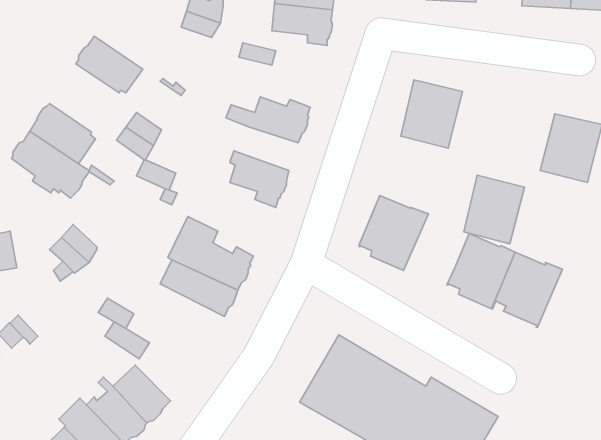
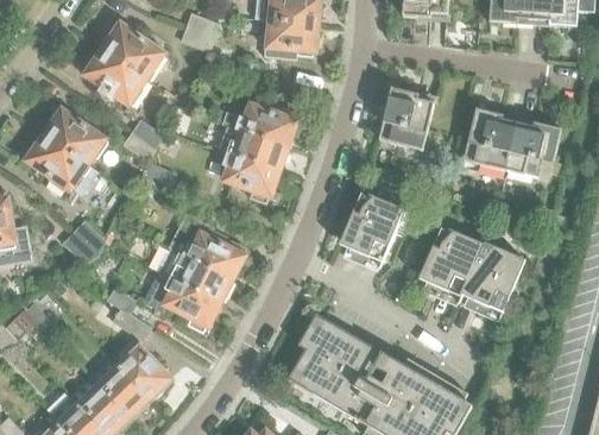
building: none -> [102,24,164,78]
building: none -> [228,131,286,170]
building: [464,175,524,244] -> [464,108,518,170]
building: none -> [144,271,220,332]

